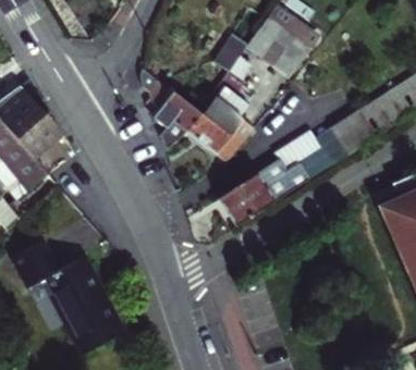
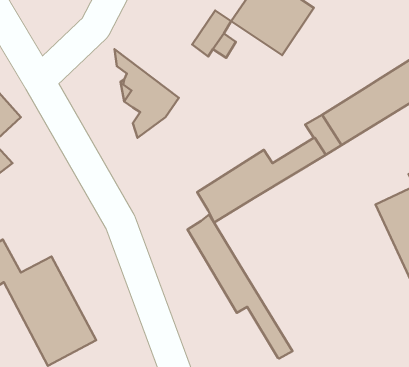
building: [188,82,255,159] -> none
building: none -> [187,214,292,359]

